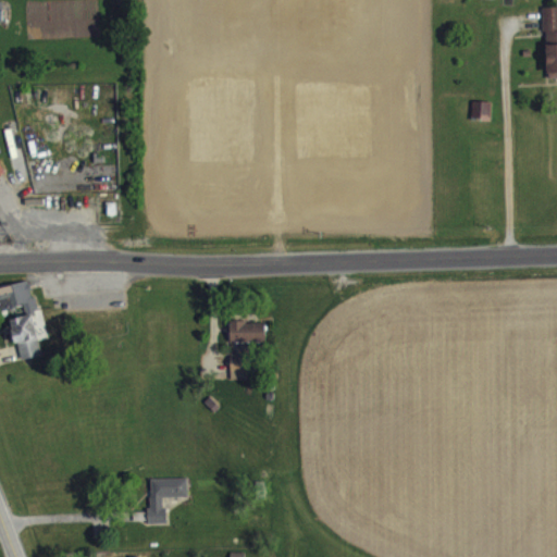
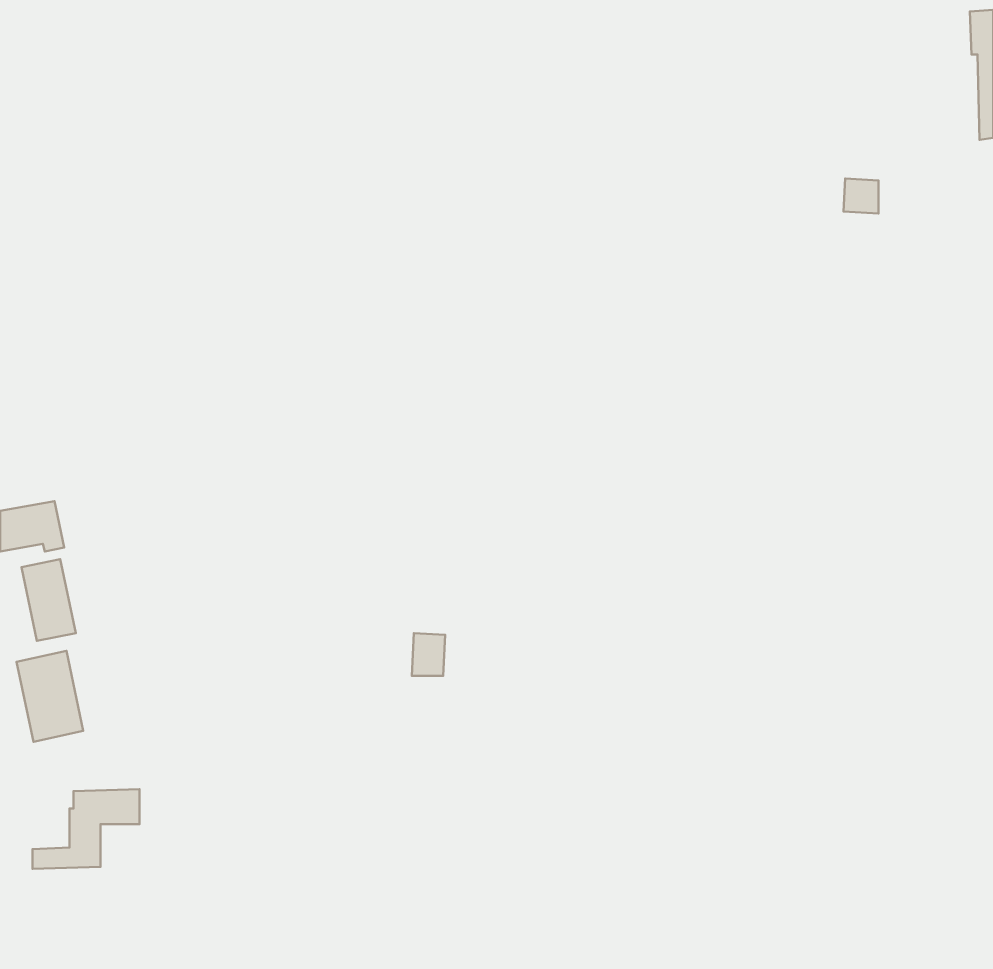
building: [231,321,267,342] -> none
building: none -> [17,651,83,742]
building: [128,478,188,522] -> [33,789,139,869]

